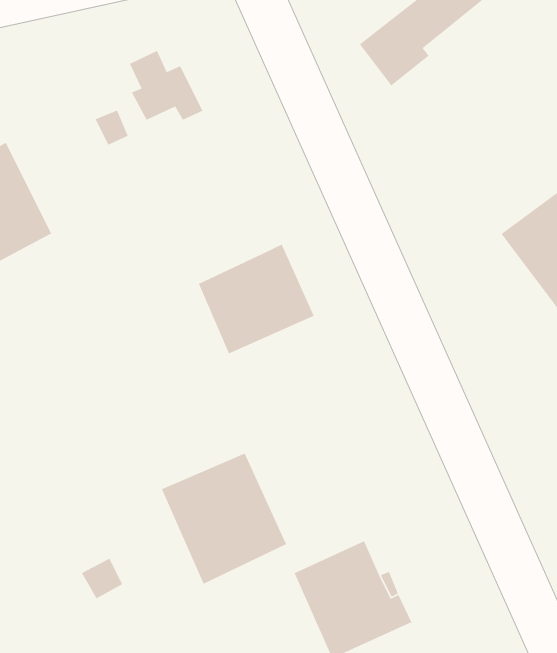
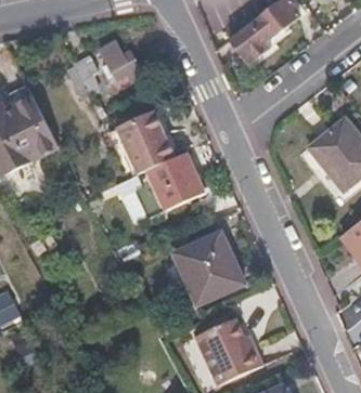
building: none -> [119,114,176,174]
building: [161,453,287,585] -> [171,233,243,307]

